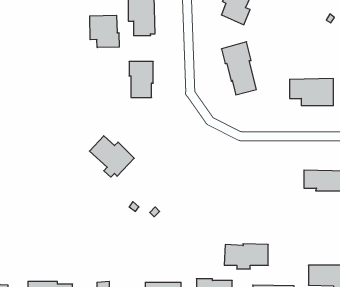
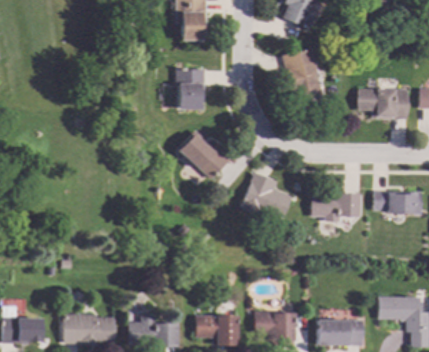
building: [90,15,119,48] -> none
building: [89,136,134,177] -> [181,133,231,179]
building: none -> [239,171,291,225]
building: [224,244,268,269] -> [310,192,359,220]

